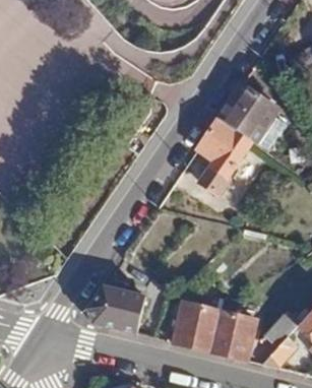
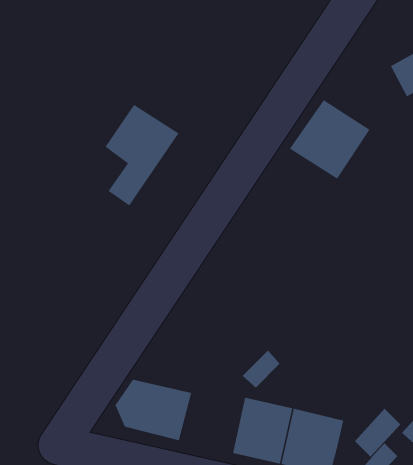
building: [192,121,247,196] -> [105,104,179,206]

